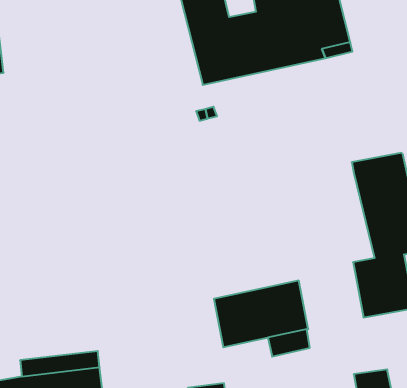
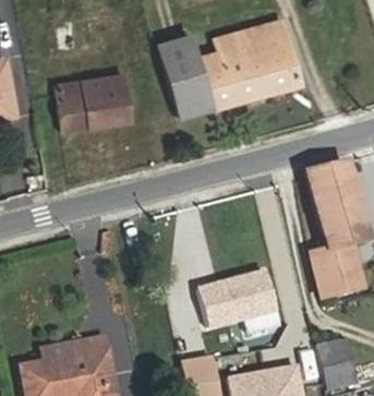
building: none -> [56,74,132,130]

